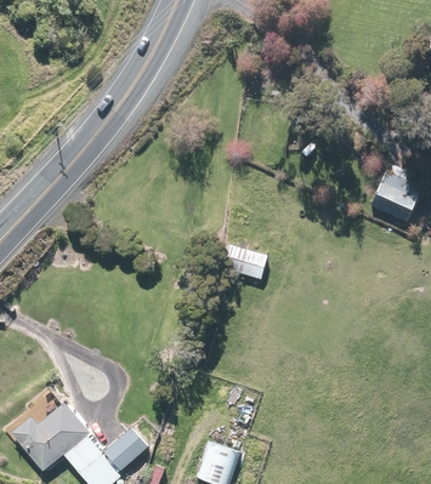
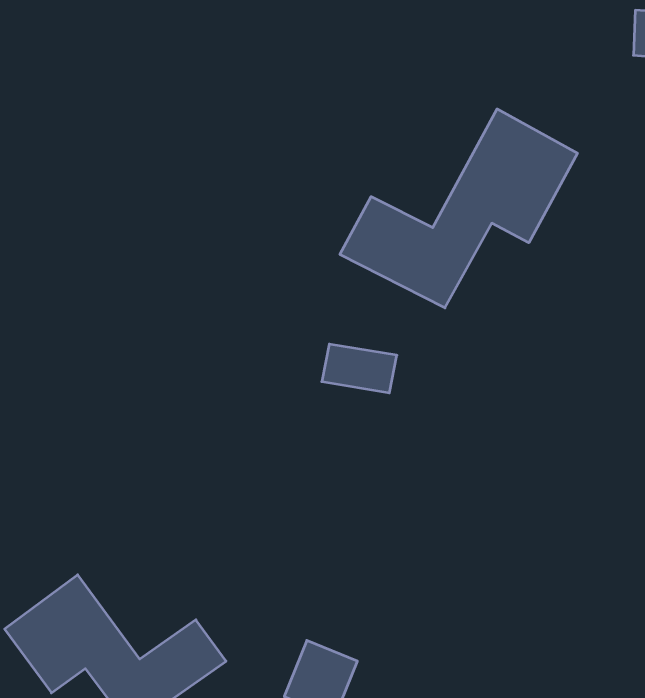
building: none -> [340,109,577,308]
building: [364,177,414,224] -> none

